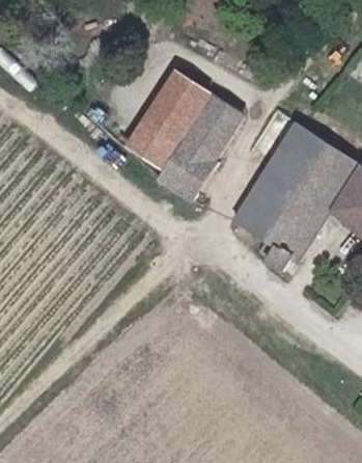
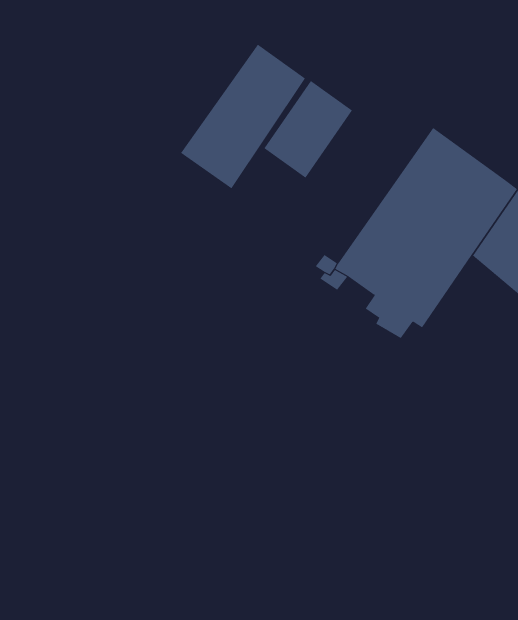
building: [161,136,219,197] -> none

